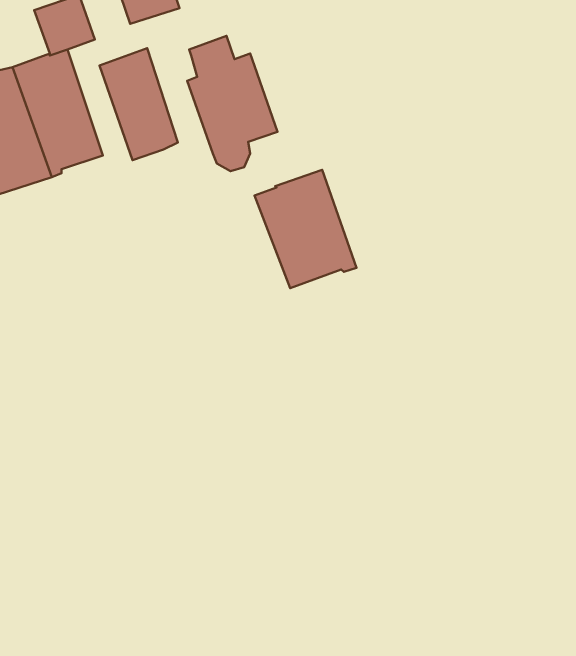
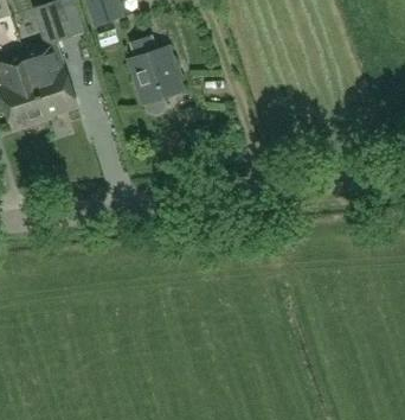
building: [99,48,178,160] -> none
building: [254,170,357,288] -> none

